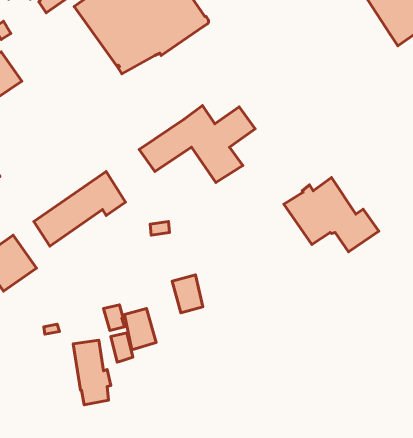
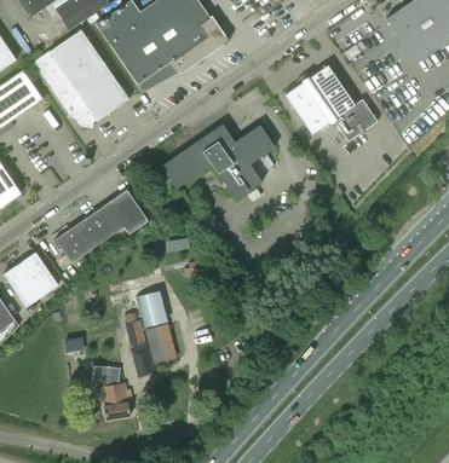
building: none -> [33,29,129,128]
building: [284,177,379,252] -> [283,68,378,141]
building: [172,275,203,313] -> [136,290,166,328]

